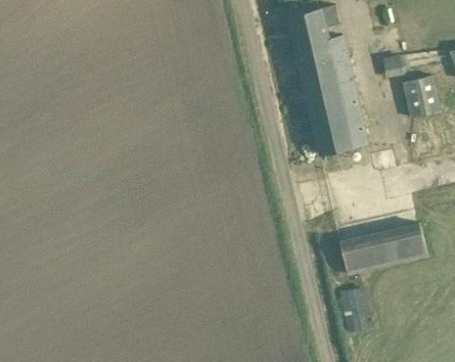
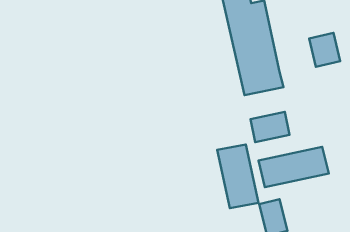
building: none -> [250,112,290,142]
building: none -> [217,144,258,208]

